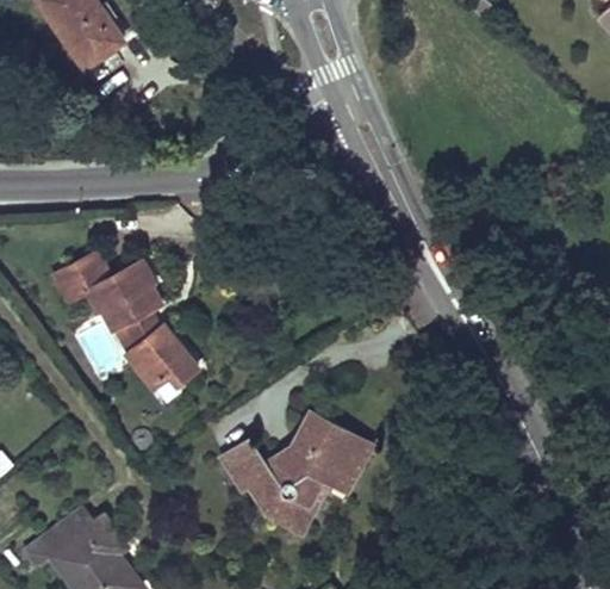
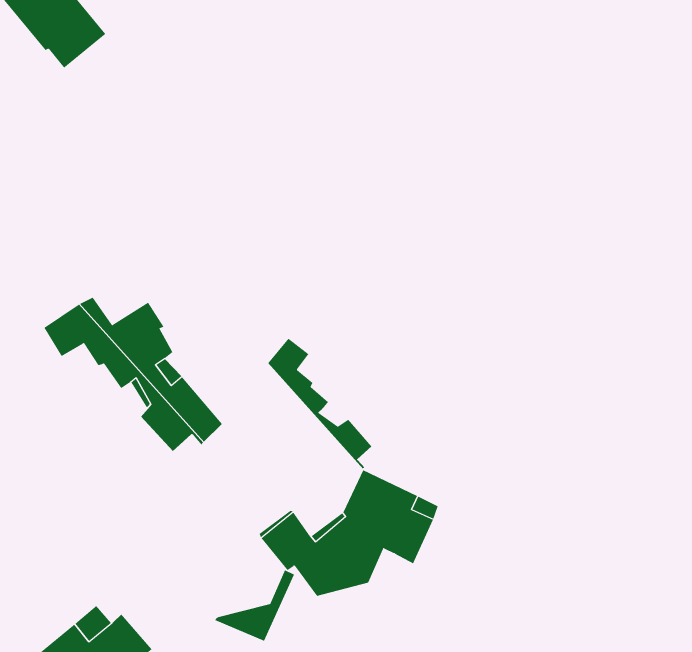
building: none -> [267,338,372,469]
building: [262,478,331,537] -> [214,570,295,641]

